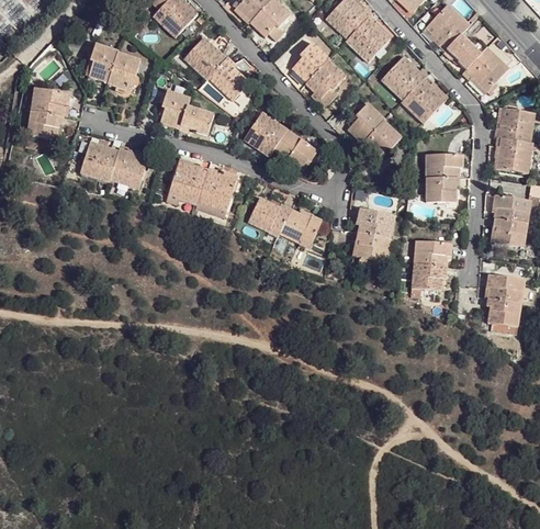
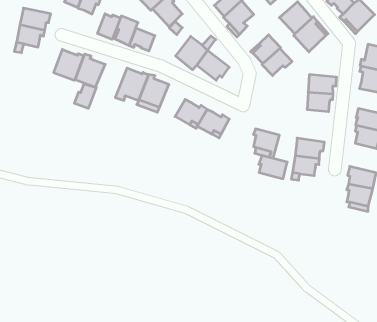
building: none -> [98,14,121,39]
building: none -> [74,84,96,108]
building: [357,209,395,238] -> [259,156,287,179]

